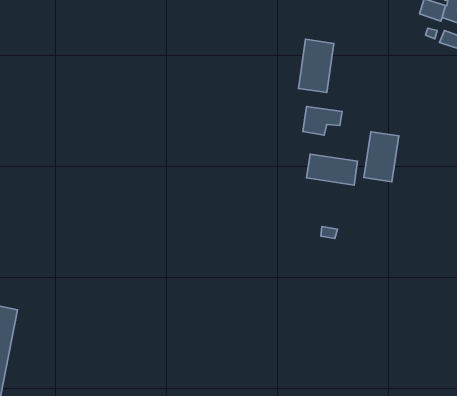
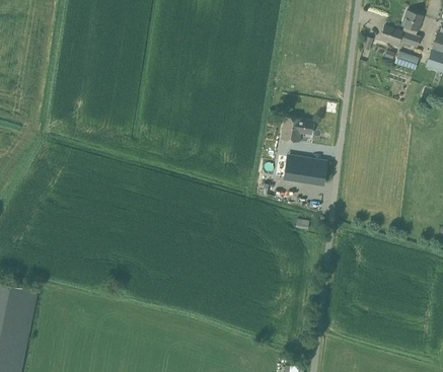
building: [298,39,334,93] -> none
building: [364,132,399,182] -> none

